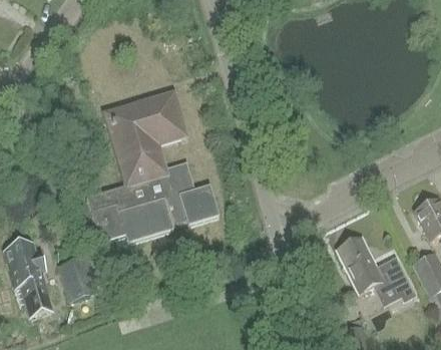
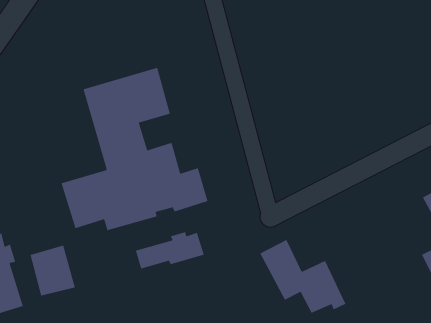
building: [335,236,414,304] -> [259,239,347,314]
building: none -> [135,231,205,270]

